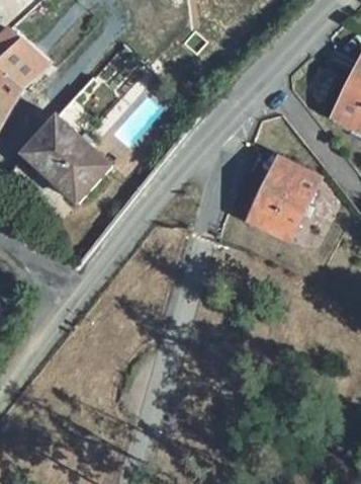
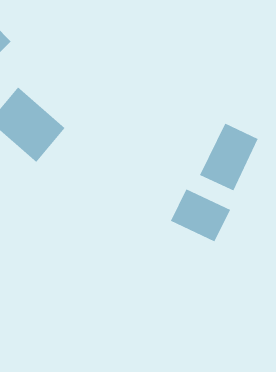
building: none -> [170,188,231,242]

